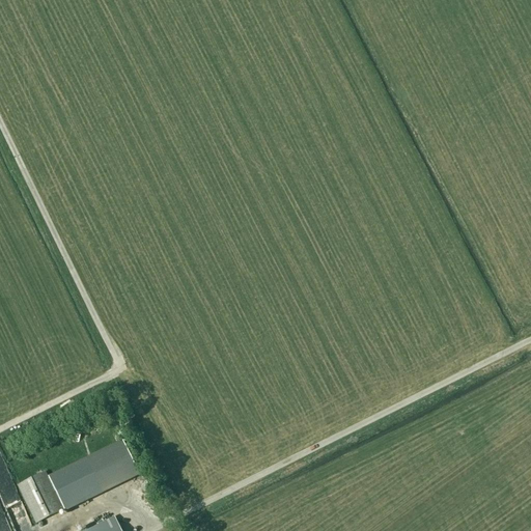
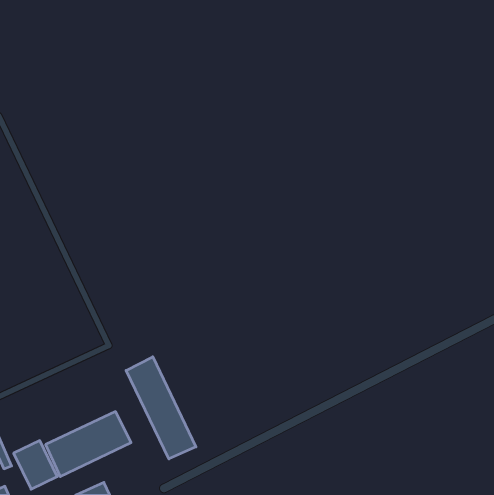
building: none -> [126,357,196,459]

